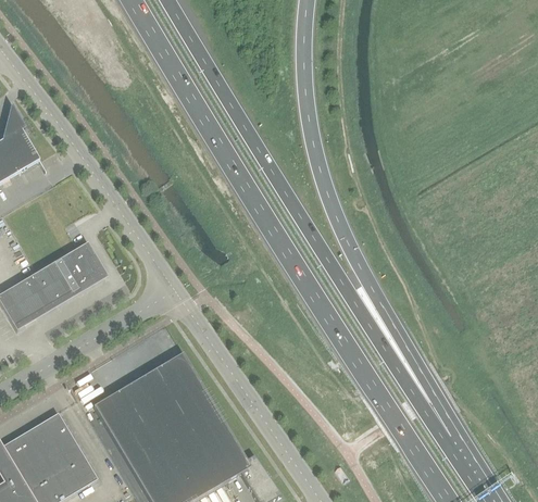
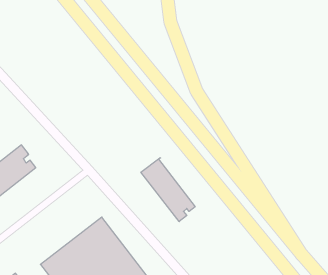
building: none -> [141,158,195,222]

